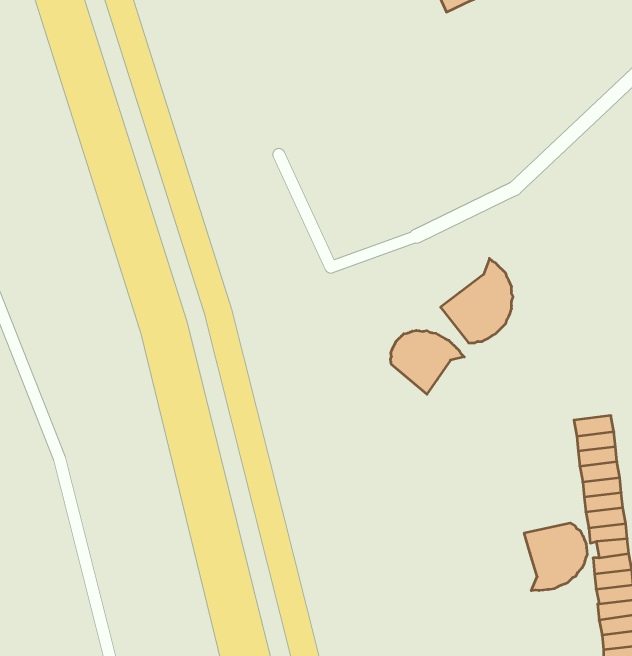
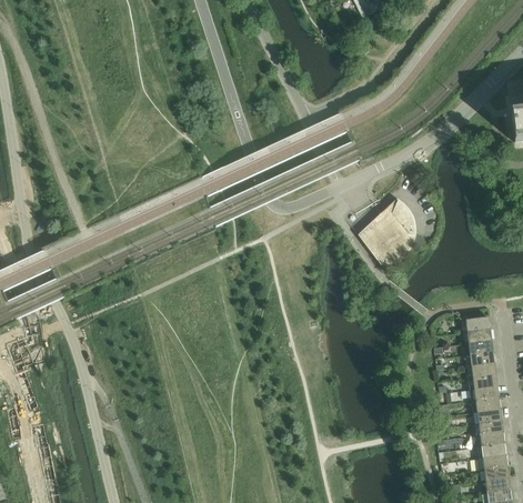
building: [391,330,464,394] -> none
building: [524,523,587,591] -> none

